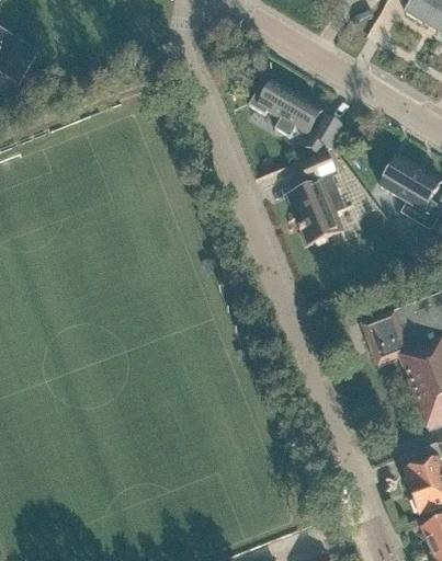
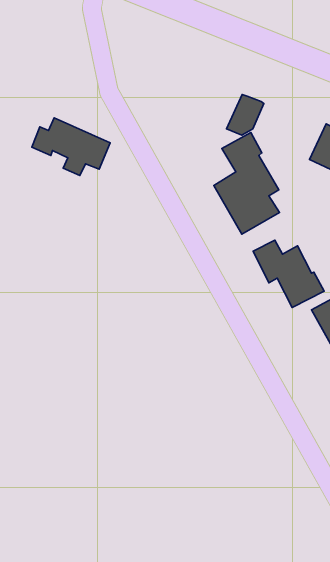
building: [249,80,321,136] -> [32,118,110,175]
building: none -> [253,240,324,308]

